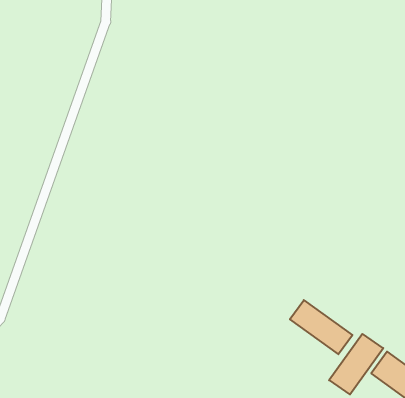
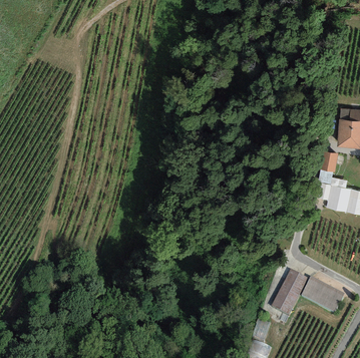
building: [290,300,352,354] -> none

